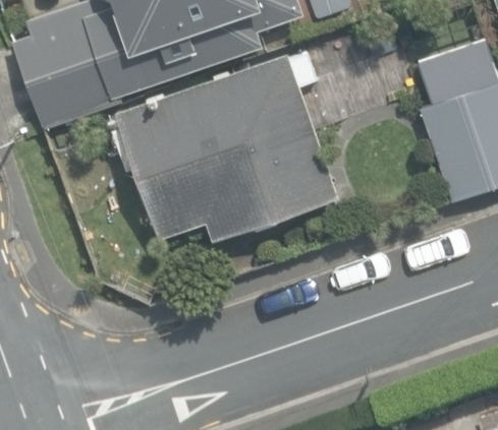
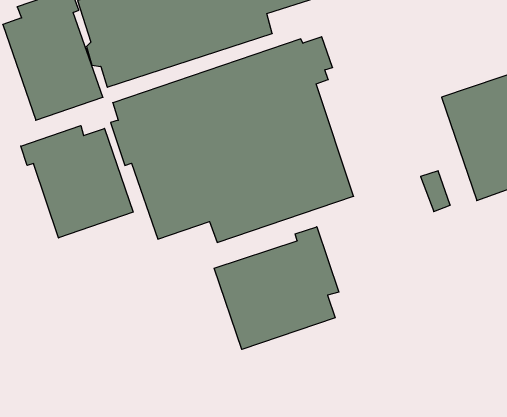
building: none -> [21,126,133,238]
building: none -> [214,227,339,349]

